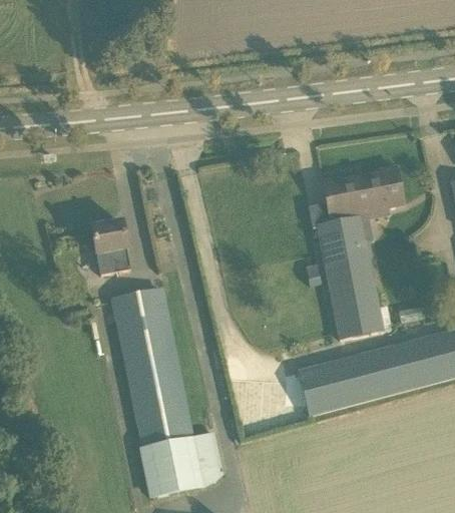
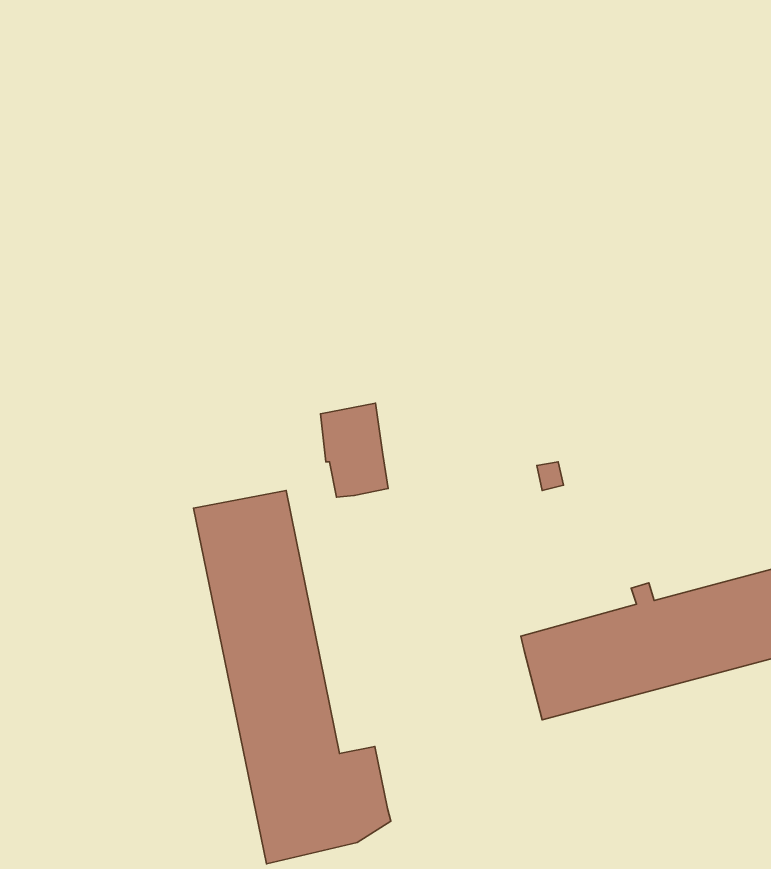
building: [316,166,403,339] -> none
building: [91,220,129,274] -> [321,403,388,497]

